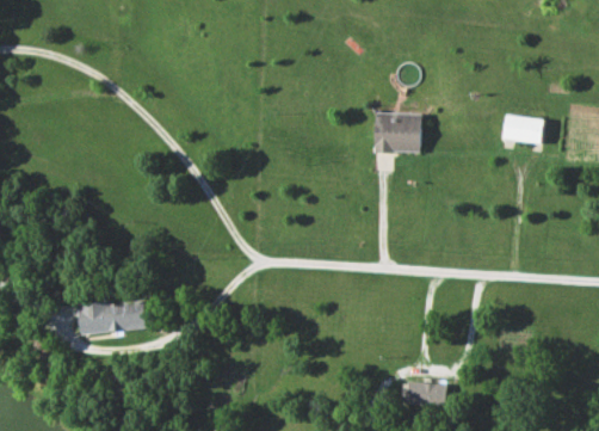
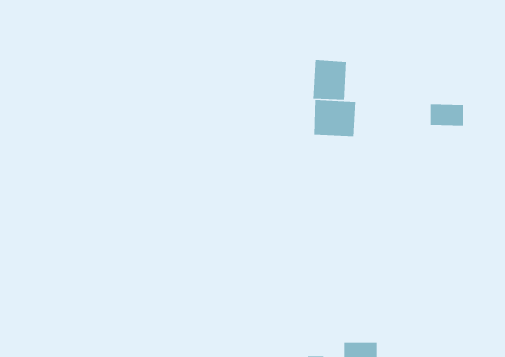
building: none -> [313,59,347,101]
building: [78,298,144,334] -> none

